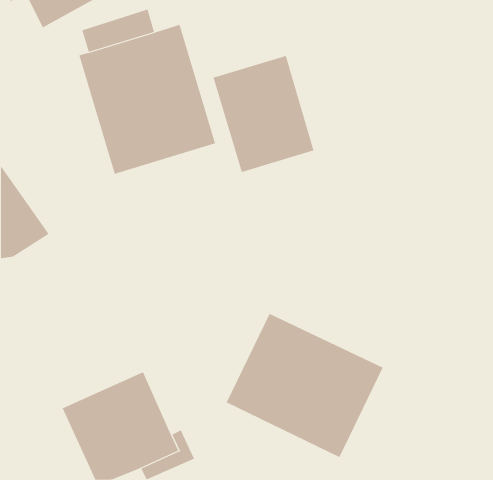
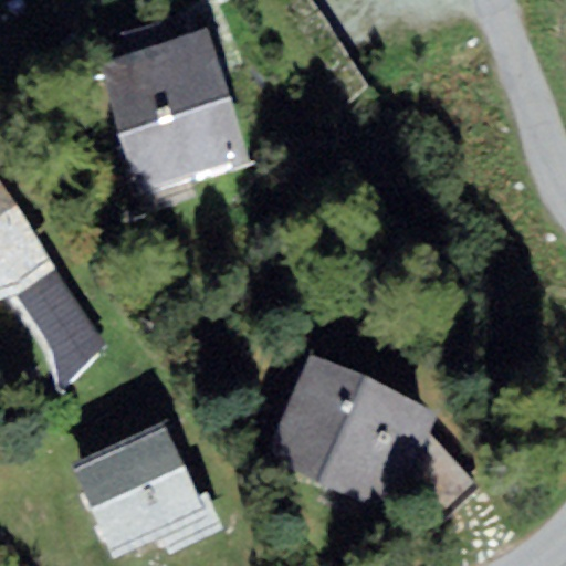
building: [213,55,314,173] -> none
building: none -> [18,266,109,384]

